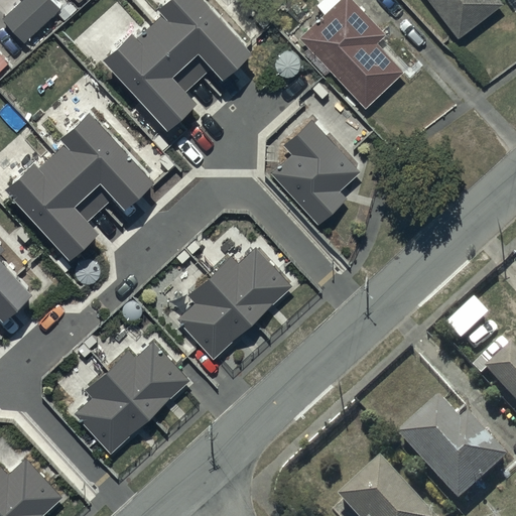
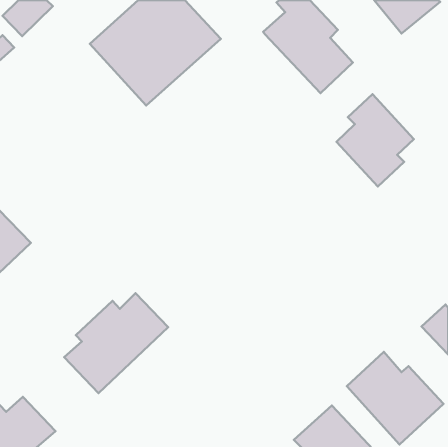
building: [6,107,156,255] -> none
building: [269,118,358,224] -> [336,94,414,187]
building: [175,246,294,361] -> none

